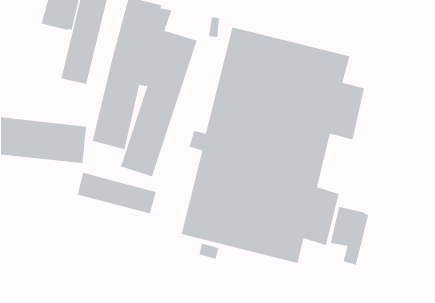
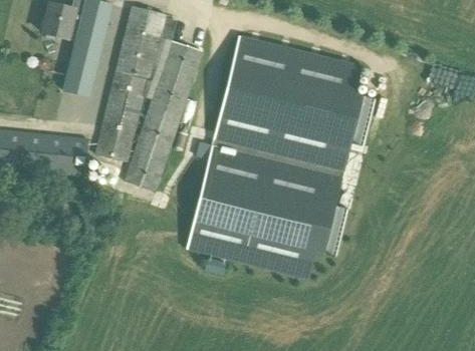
building: [77,172,157,214] -> none
building: [330,206,369,266] -> none

